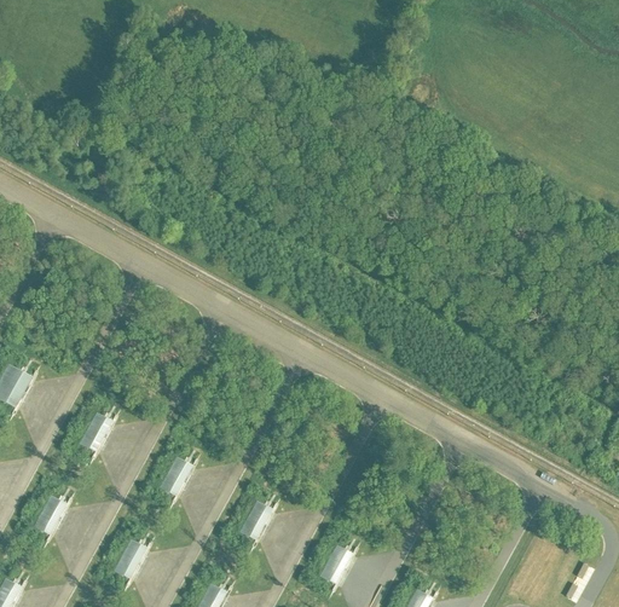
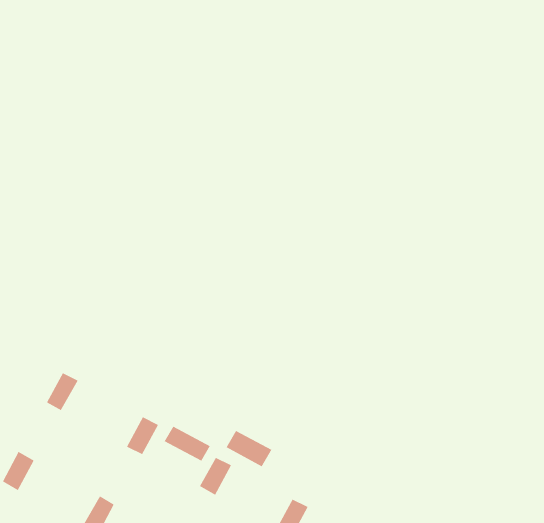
building: none -> [164,426,211,462]
building: none -> [226,430,272,467]

